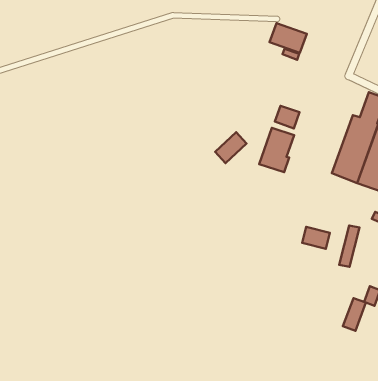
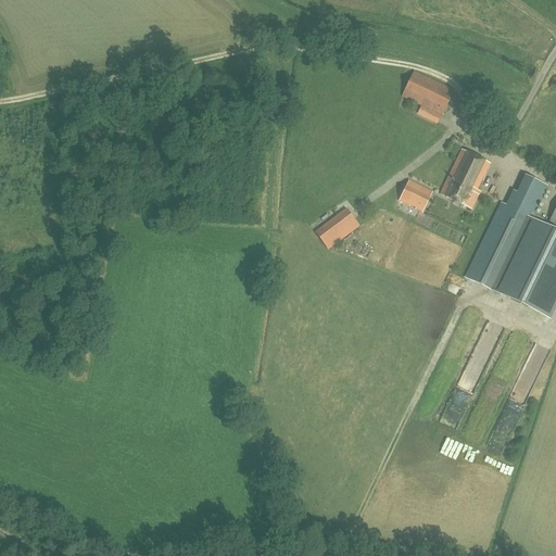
building: [259,128,294,172] -> [440,147,490,206]
building: [302,227,330,249] -> none
building: [343,298,366,331] -> none

